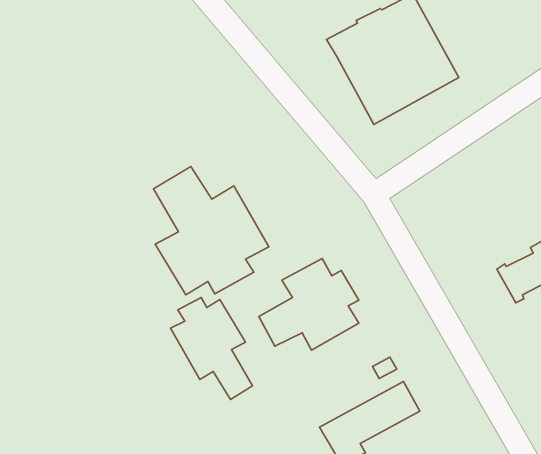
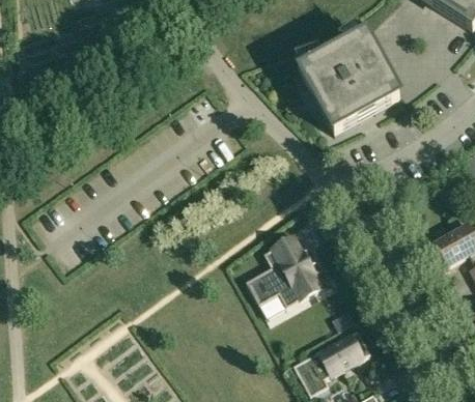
building: [153,166,269,295] -> none
building: [171,297,253,399] -> none

